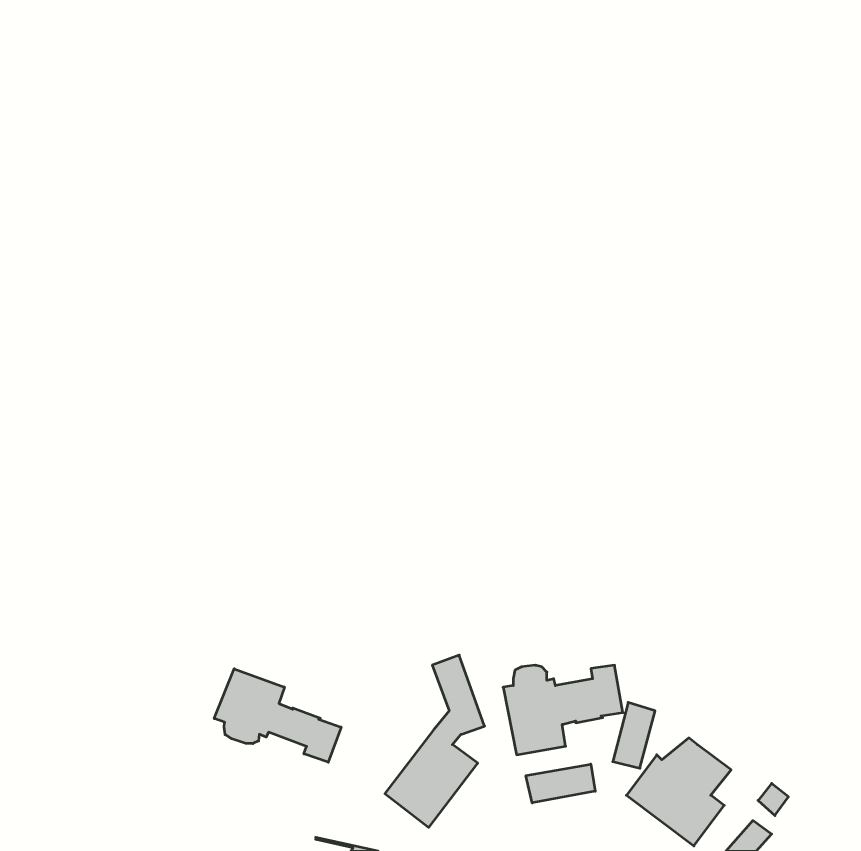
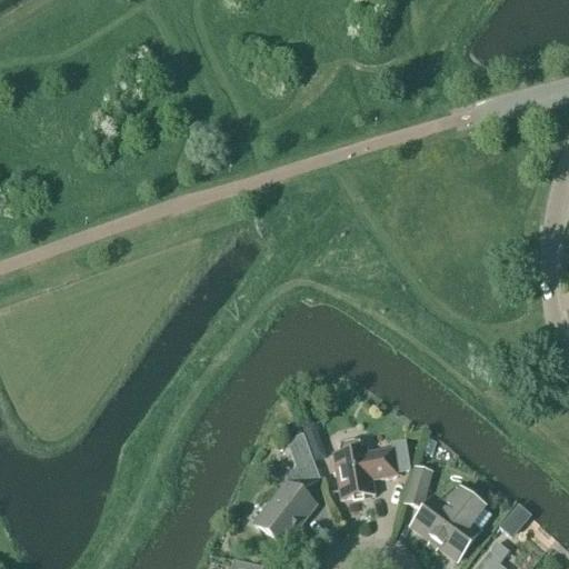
building: [214,669,341,762] -> none
building: [526,764,595,803] -> none

